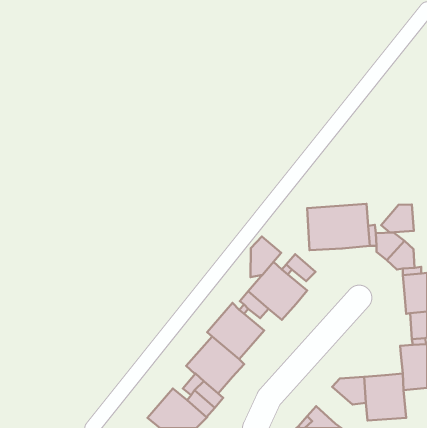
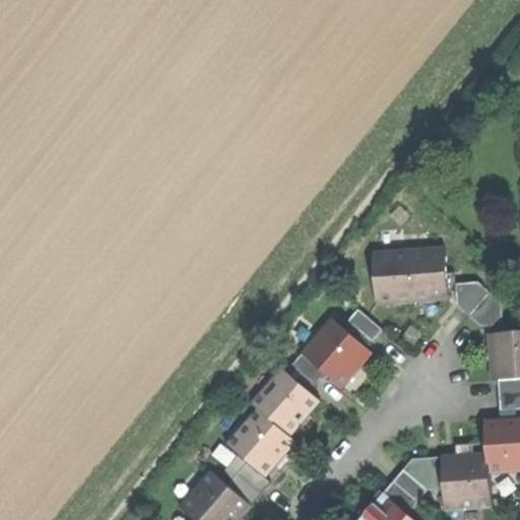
building: [381,204,414,233] -> none
building: [250,236,281,277] -> none
building: none -> [383,468,427,513]

